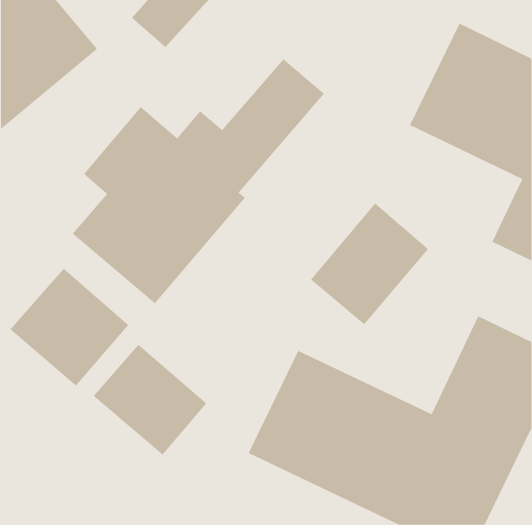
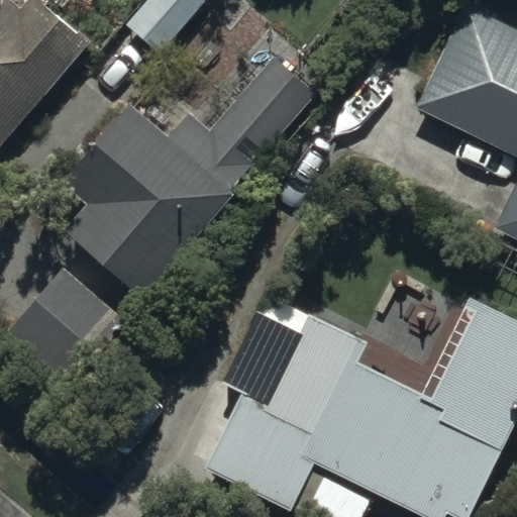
building: [310,203,429,325] -> none
building: [93,344,207,455] -> none

